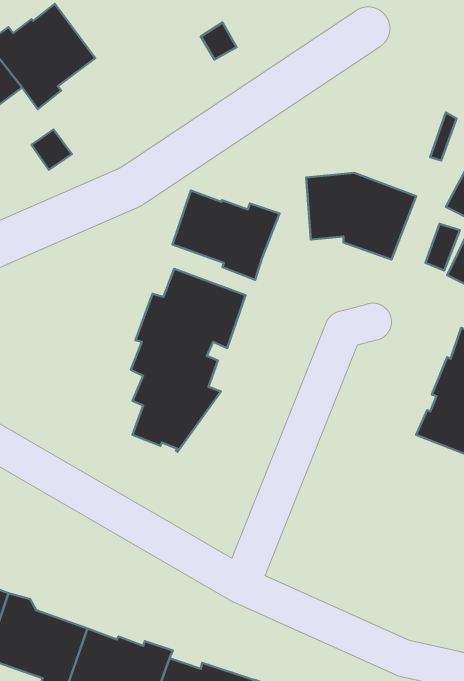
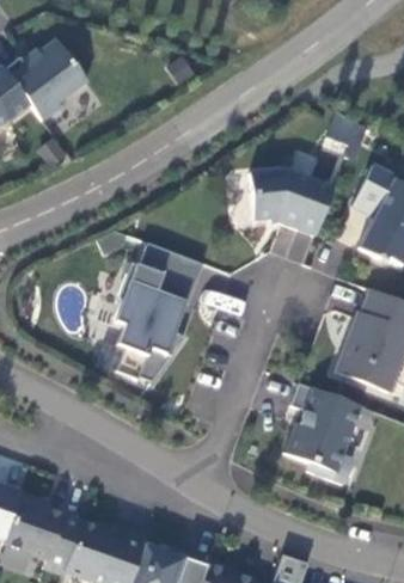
building: [172,191,280,280] -> none
building: none -> [284,383,361,485]

